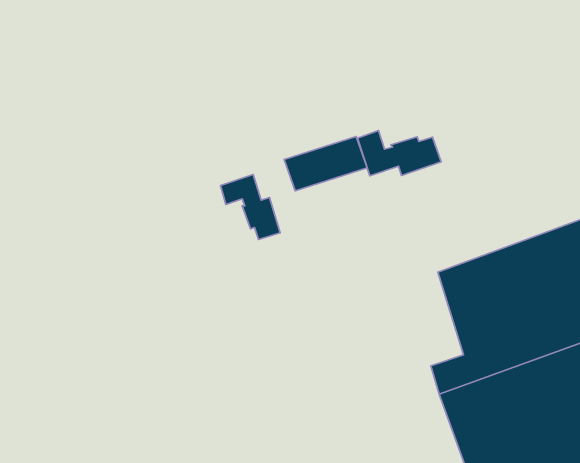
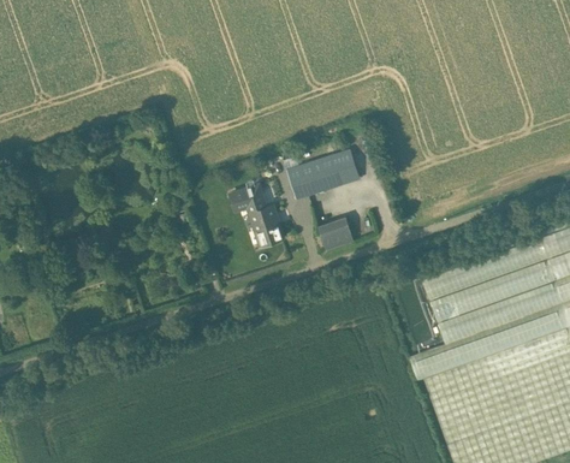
building: [358,131,441,176] -> none
building: none -> [320,216,355,249]

